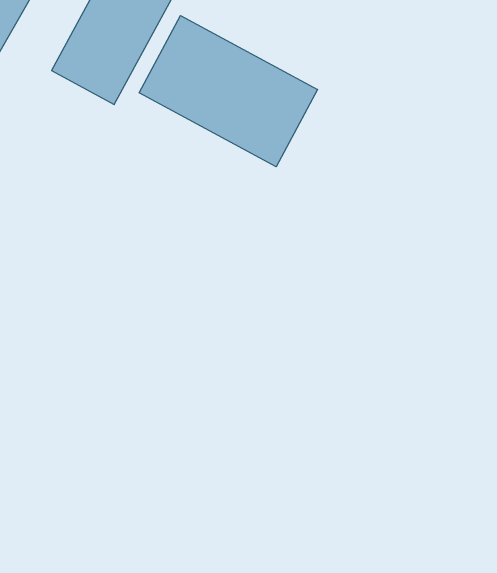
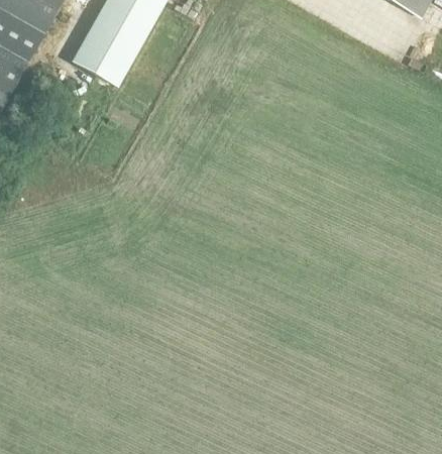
building: [139,16,318,167] -> none

